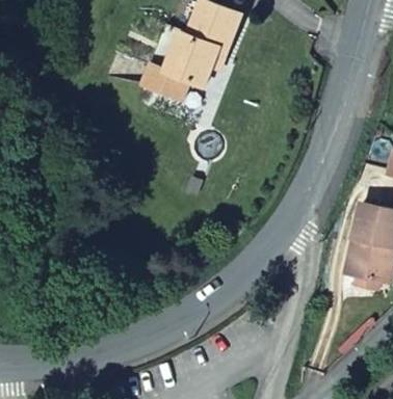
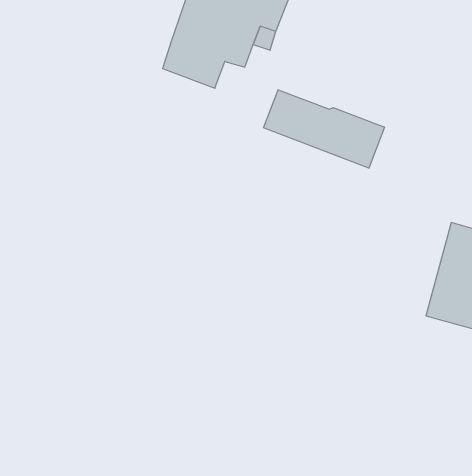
building: none -> [263,90,385,168]

